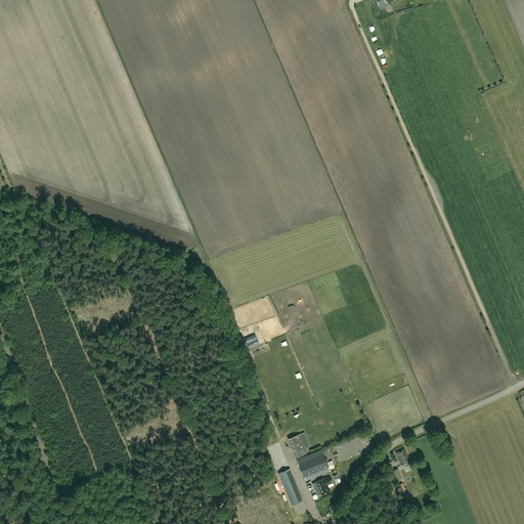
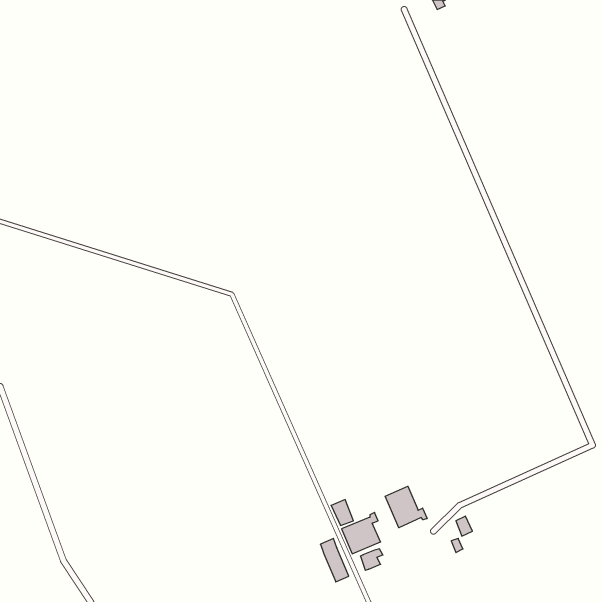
building: none -> [385,486,427,528]

